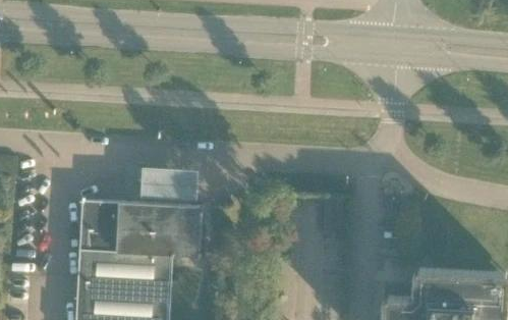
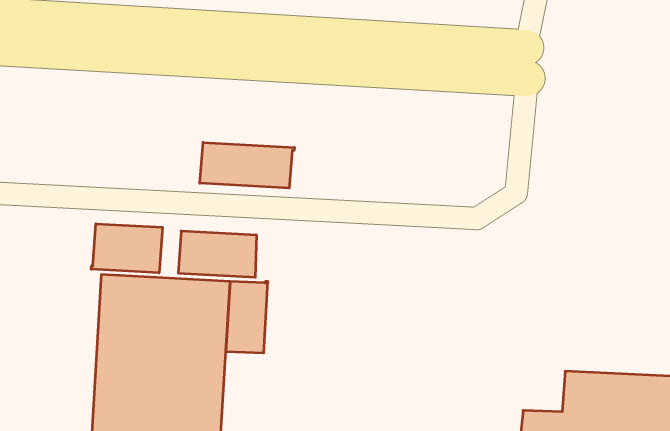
building: none -> [200,142,294,188]
building: none -> [91,224,162,273]

